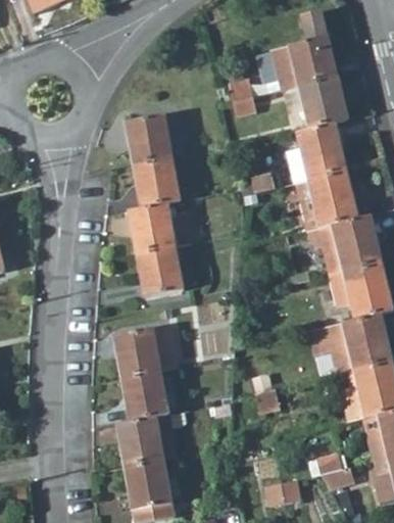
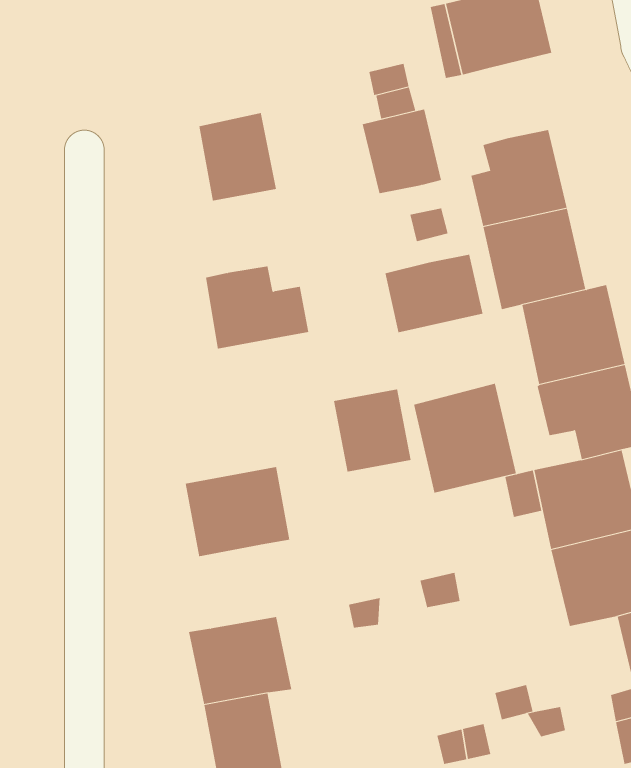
building: [298,76,346,127] -> [362,109,442,194]
building: [132,157,179,207] -> none
building: none -> [385,254,483,333]
building: [135,246,182,296] -> [333,389,411,472]
building: none -> [413,383,517,494]
building: [124,371,170,421] -> none

